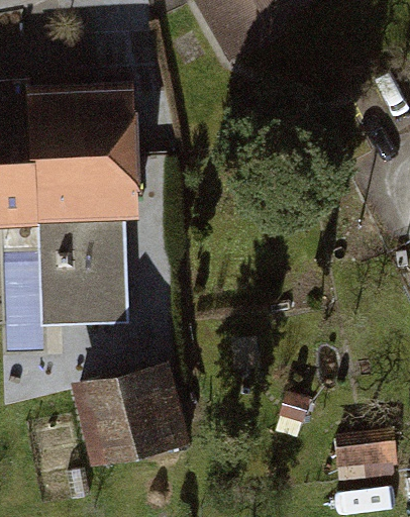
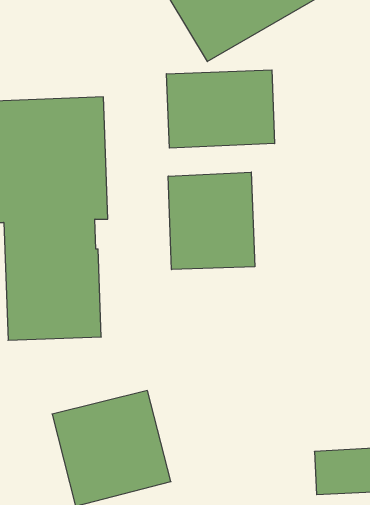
building: none -> [166,70,275,148]
building: none -> [168,172,255,270]

